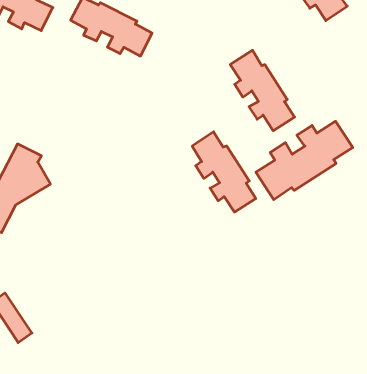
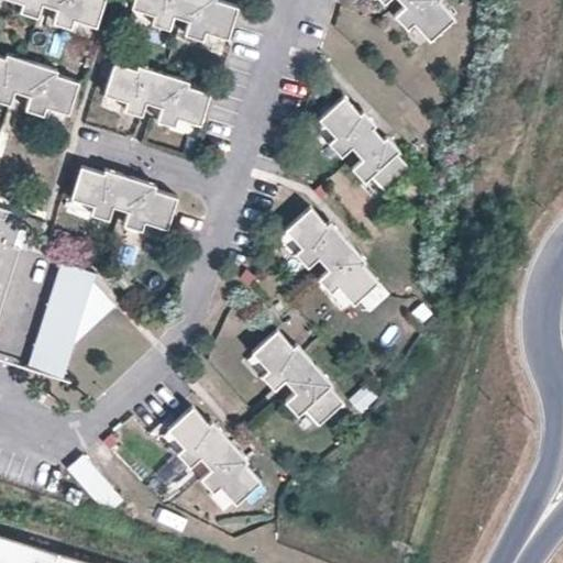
building: none -> [69,168,176,232]
building: [256,121,353,200] -> none
building: none -> [251,329,344,426]
building: none -> [166,407,260,504]

